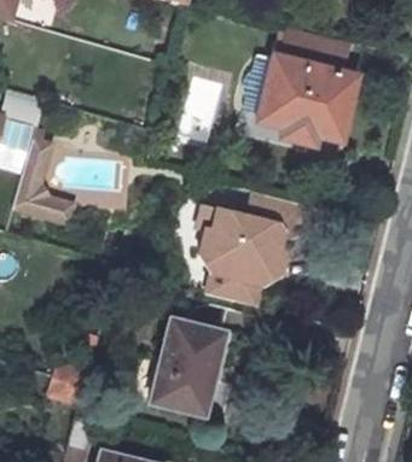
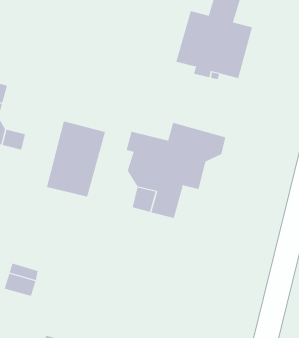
building: [149,316,221,409] -> [46,121,106,197]

